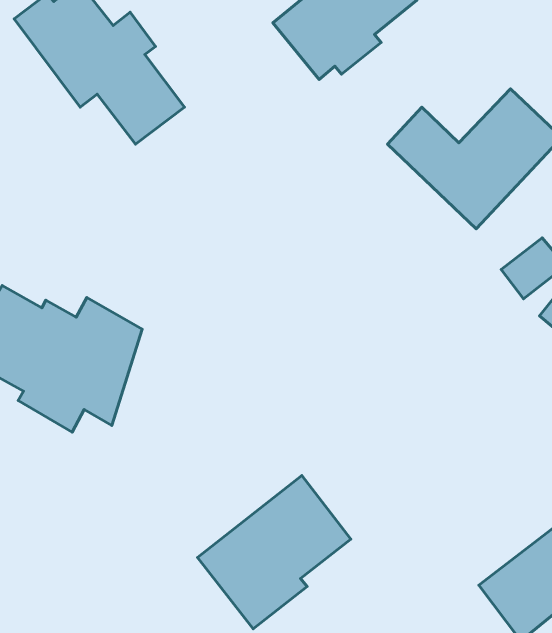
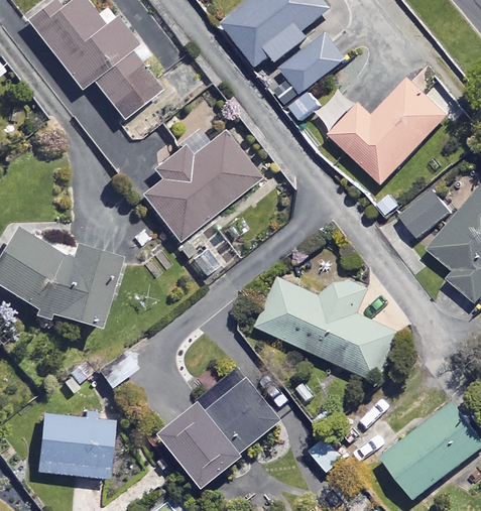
building: none -> [278,32,343,92]
building: none -> [141,124,257,242]
building: none -> [255,277,396,380]
building: none -> [34,414,112,478]

